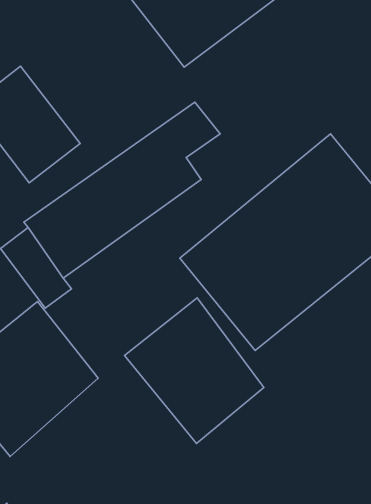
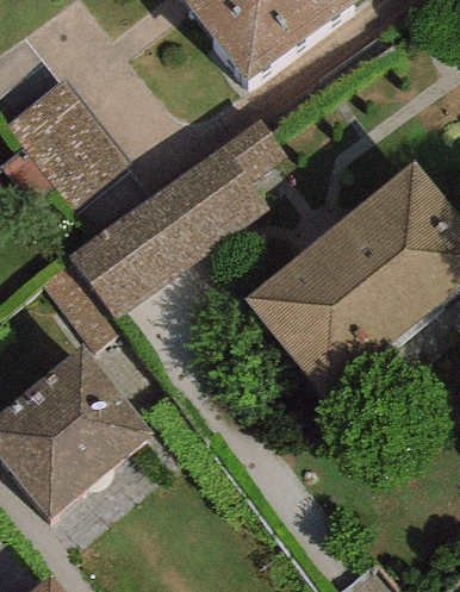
building: [125,298,264,444] -> none

